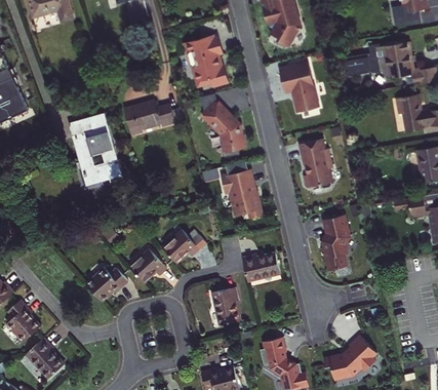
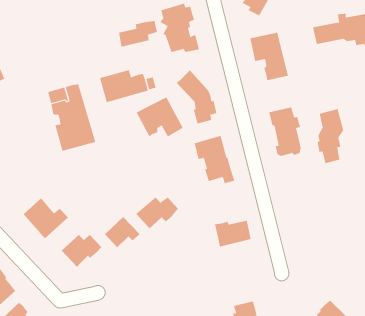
building: none -> [118,20,157,48]
building: none -> [136,97,184,137]
building: [320,217,348,273] -> [317,108,344,164]
building: none -> [23,198,69,239]
building: [212,287,239,325] -> none

